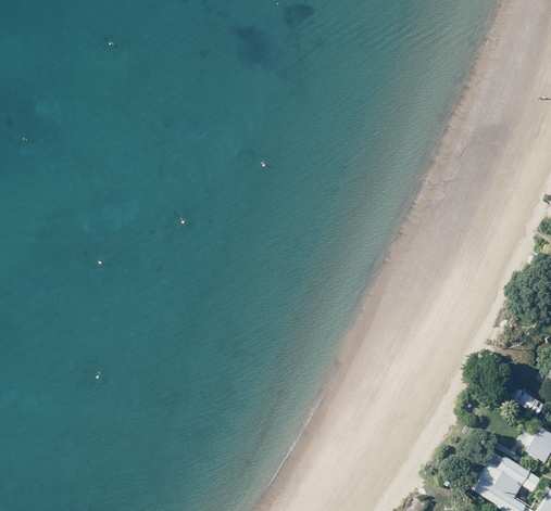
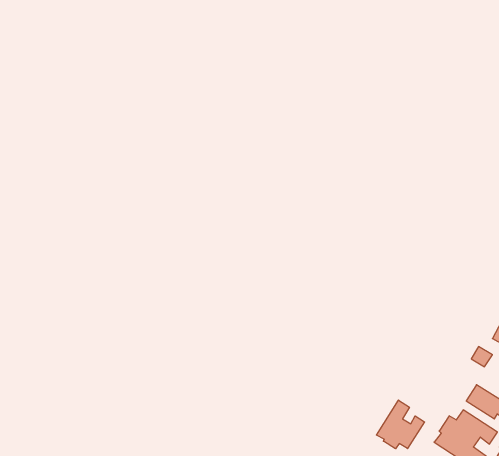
building: none -> [376,400,425,449]

